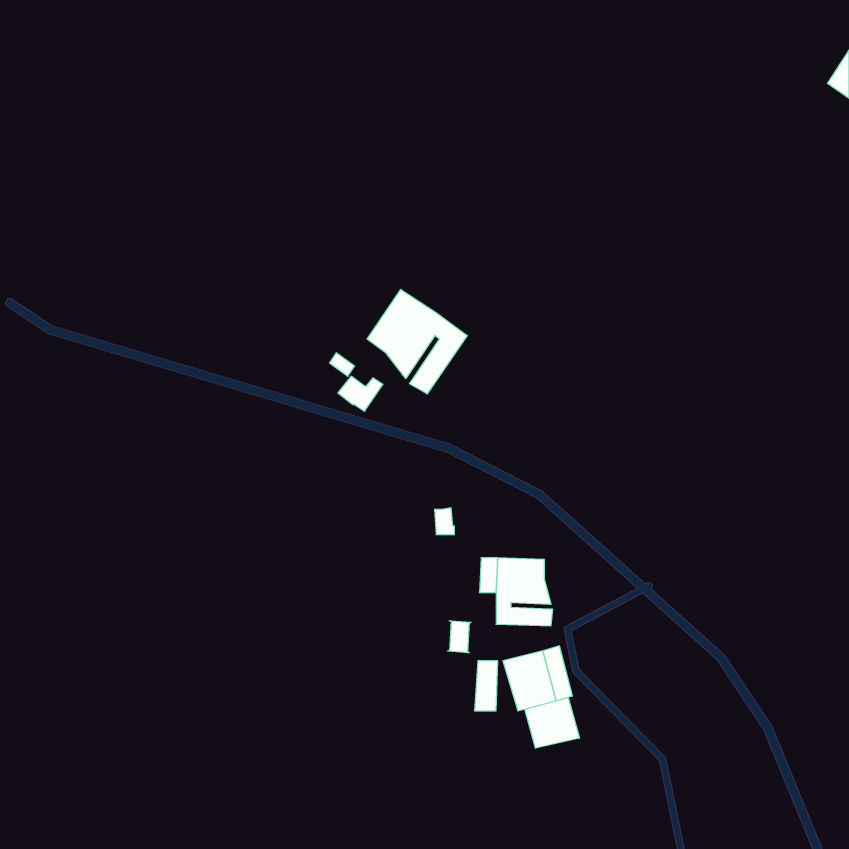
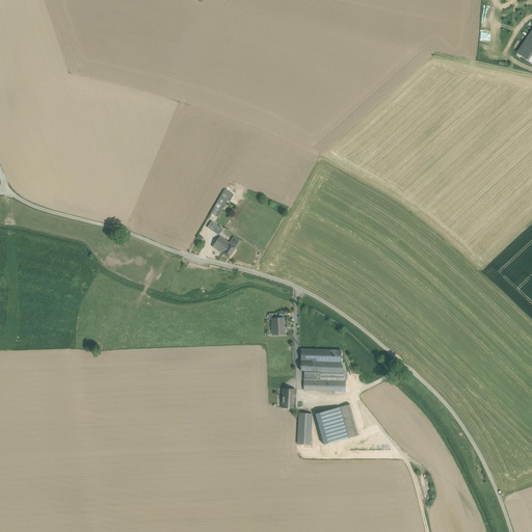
building: [367,289,467,394] -> none
building: [525,698,580,748] -> none

